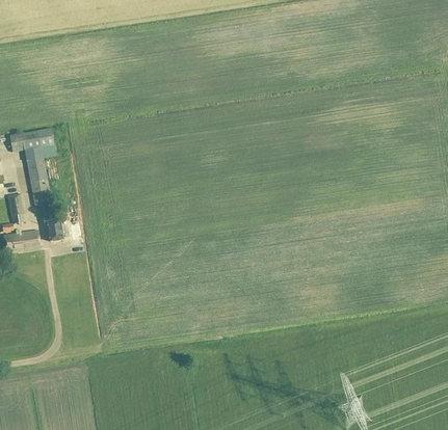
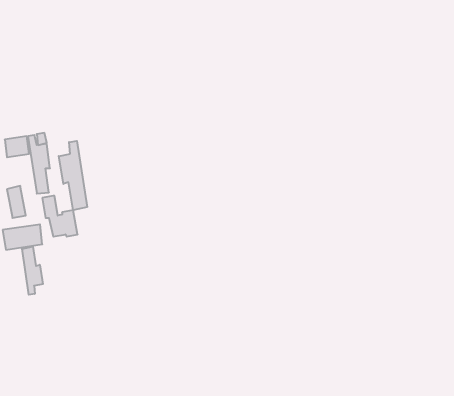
building: none -> [59,141,87,210]
building: none -> [22,247,43,295]

